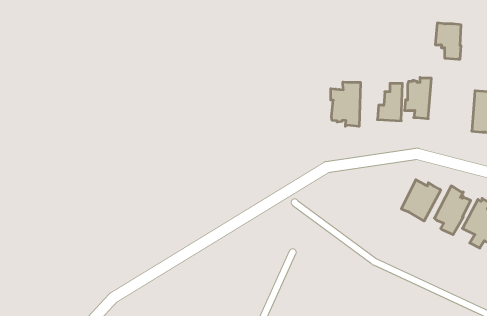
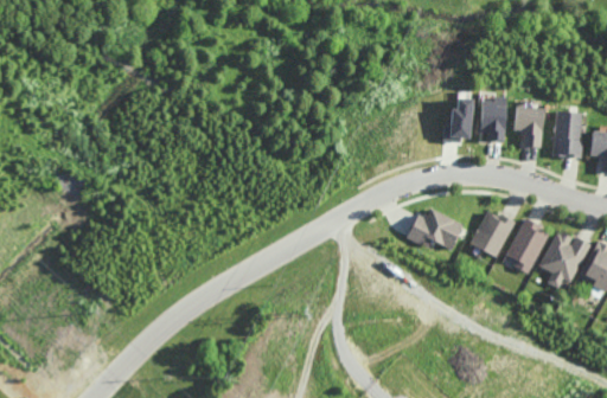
building: [435,23,461,59] -> [511,103,541,145]
building: [331,82,360,126] -> none
building: none -> [404,207,464,250]

